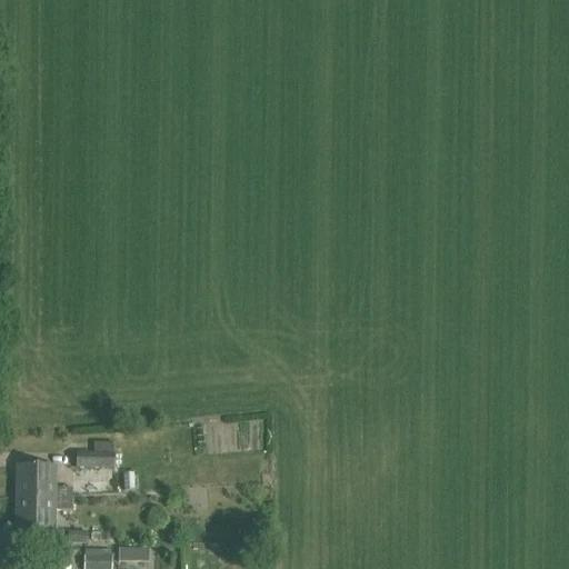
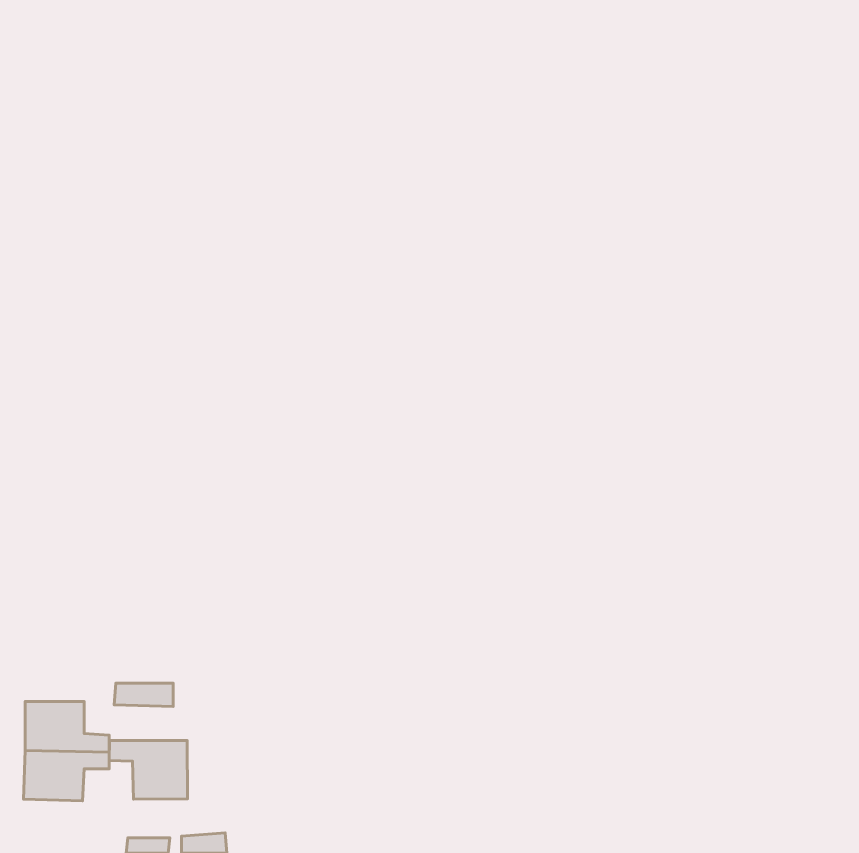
building: none -> [109,741,188,799]

